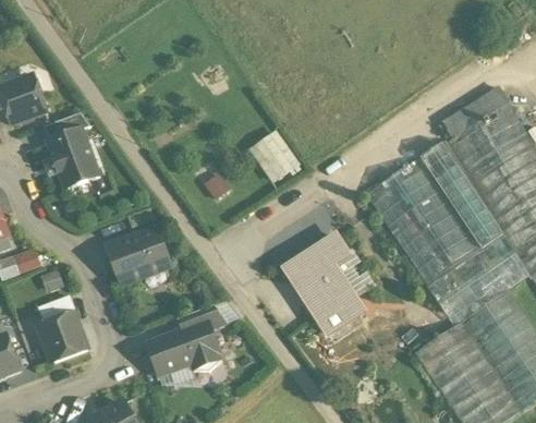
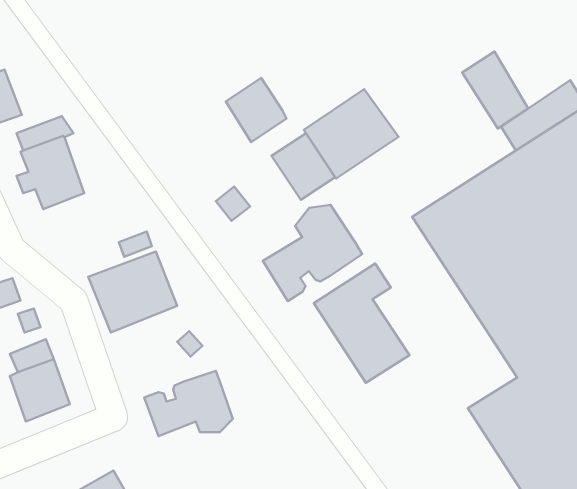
building: none -> [462,51,528,128]
building: none -> [226,78,287,142]
building: none -> [304,89,399,178]
building: none -> [263,205,362,301]
building: [176,305,228,330] -> none

